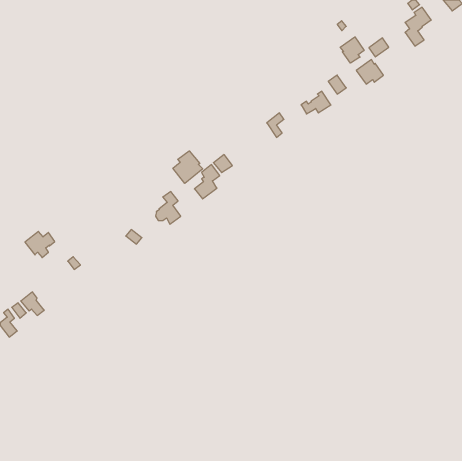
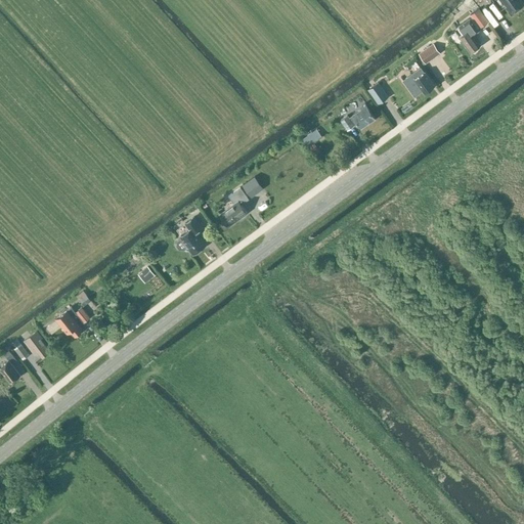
building: [340,37,364,63] -> none
building: [173,151,203,183] -> none
building: [25,231,55,258] -> [55,307,89,337]

